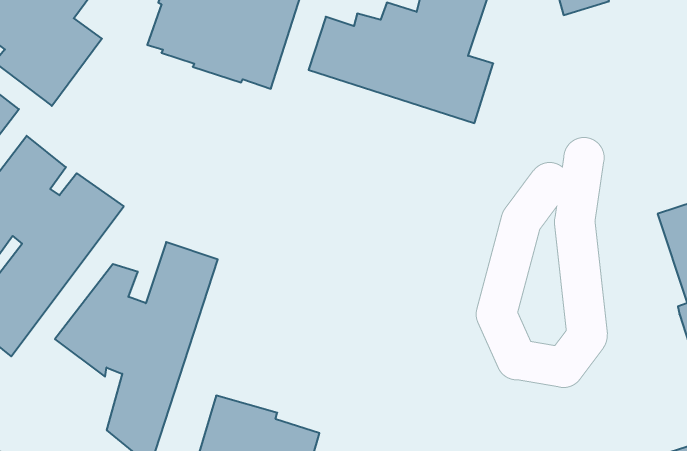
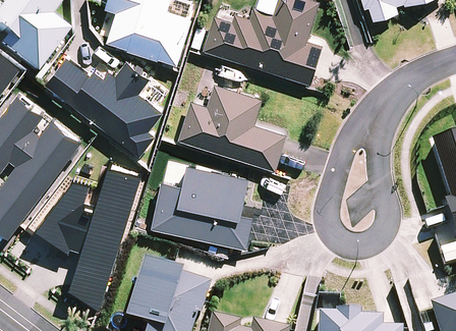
building: none -> [43,52,166,157]
building: none -> [178,85,285,170]
building: none -> [151,164,252,249]

